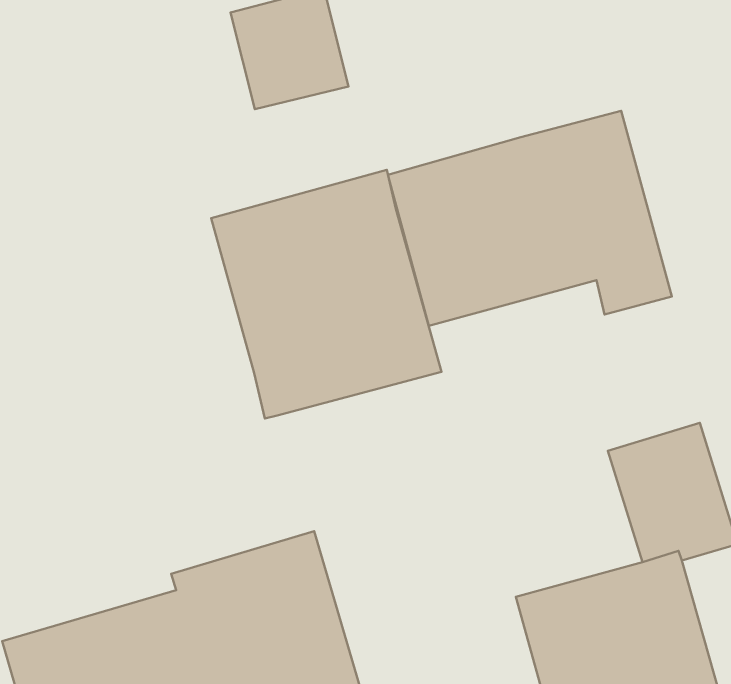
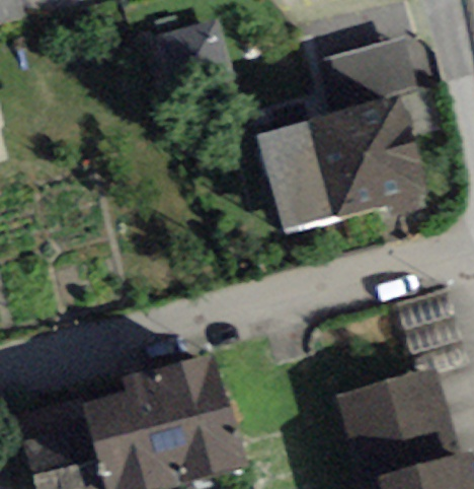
building: none -> [326,38,418,112]
building: [211,170,442,418] -> none

